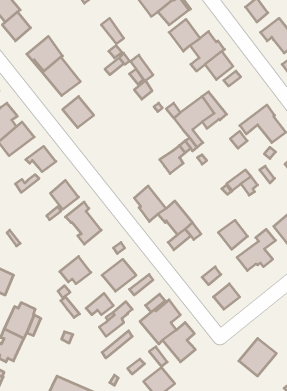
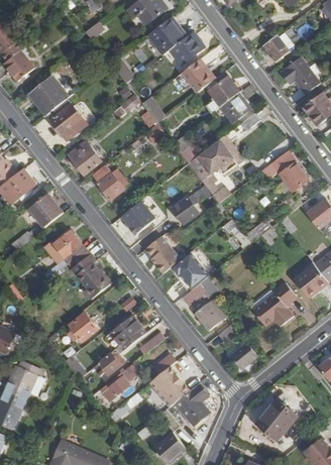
building: none -> [92,164,129,199]
building: none -> [121,200,167,234]
building: [218,220,248,249] -> [194,299,225,330]

